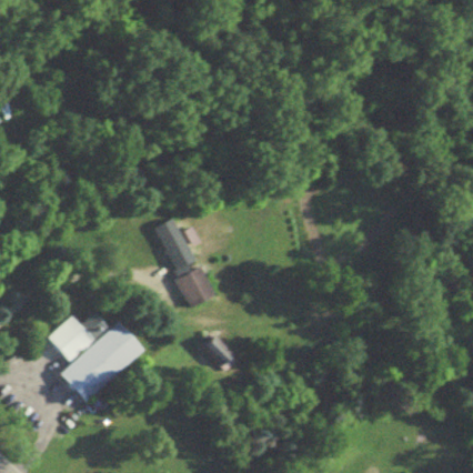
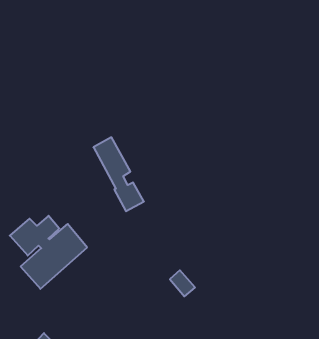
building: [202,338,233,370] -> [170,270,195,296]

